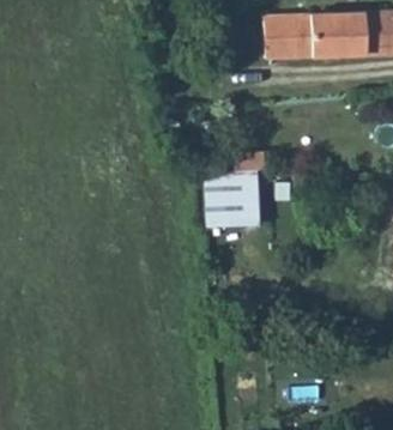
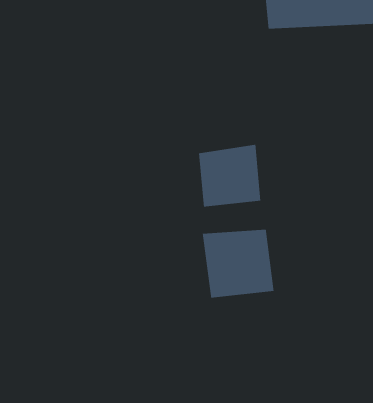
building: none -> [202,229,274,298]

